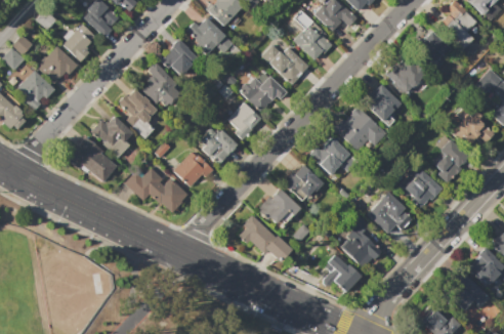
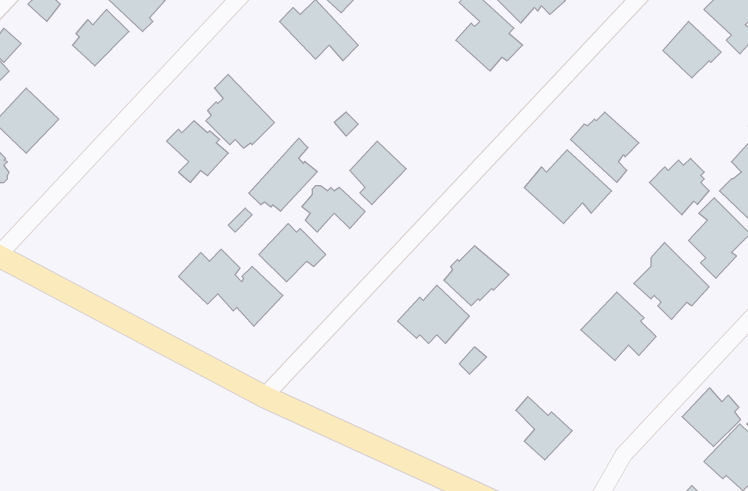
building: [162,39,200,78] -> none
building: [263,45,308,84] -> none
building: [38,46,79,84] -> none
building: [386,60,422,94] -> [649,158,709,215]
building: [239,77,288,113] -> none
building: none -> [249,138,317,211]
building: [91,116,134,147] -> none
building: [69,137,118,182] -> none
building: [309,137,359,175] -> none
building: [240,215,293,262] -> none
building: [341,216,383,270] -> none
building: none -> [682,388,741,447]

